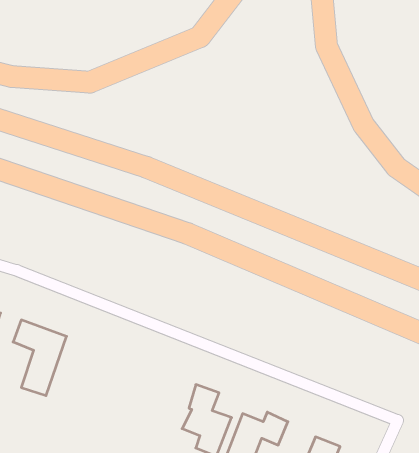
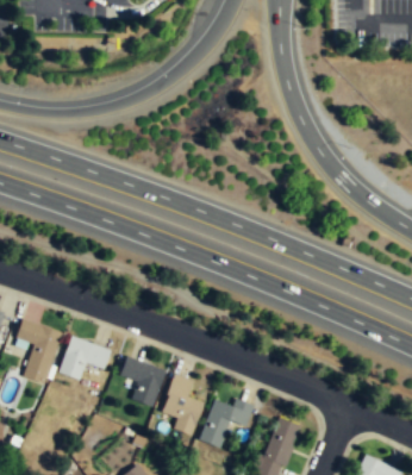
building: none -> [60,335,112,379]
building: none -> [121,355,167,406]

